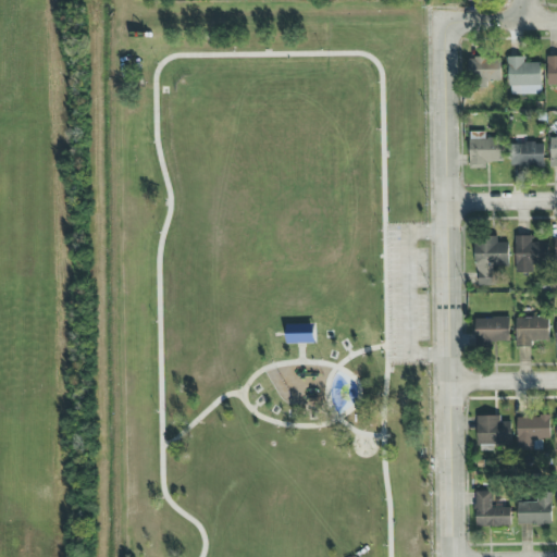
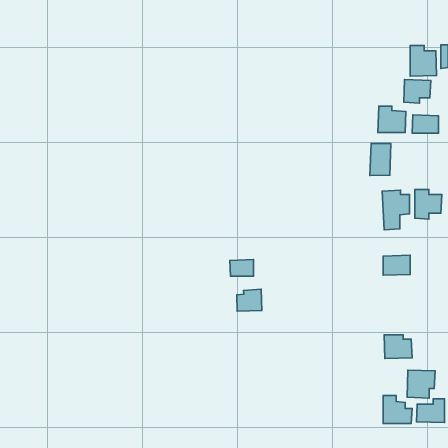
building: [468,58,502,87] -> [404,79,431,103]
building: none -> [370,144,391,175]
building: [516,317,549,346] -> none
building: none -> [237,289,262,311]
building: [516,416,550,450] -> [407,370,435,398]

